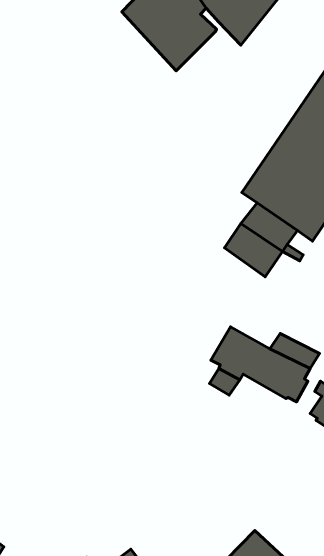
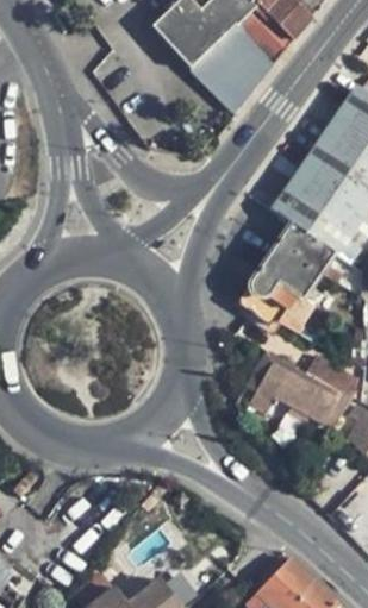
building: none -> [208,37,275,113]
building: none -> [236,269,301,328]

